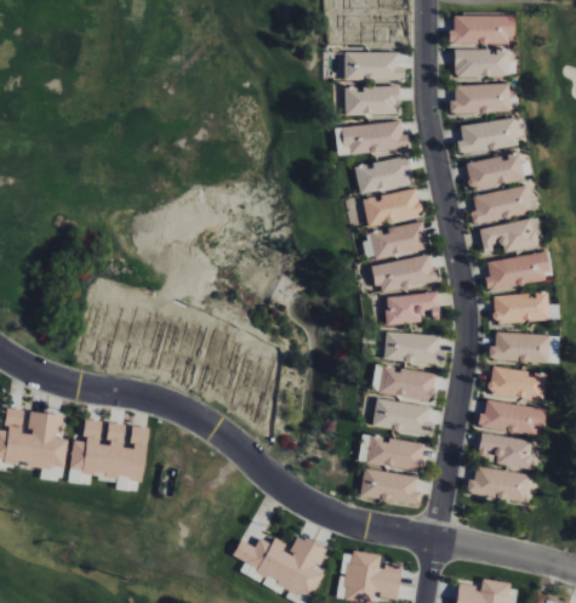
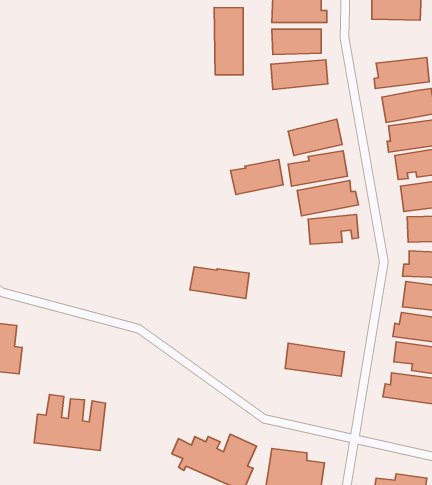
building: none -> [214,8,243,75]
building: [450,84,511,114] -> none
building: [354,155,412,194] -> [230,159,283,195]
building: [384,332,445,365] -> none
building: [371,366,437,402] -> [190,267,249,299]
building: [373,399,432,436] -> none
building: [70,419,149,480] -> [34,394,106,450]
building: [361,470,422,505] -> none

